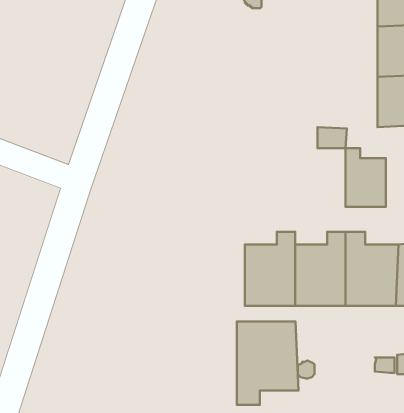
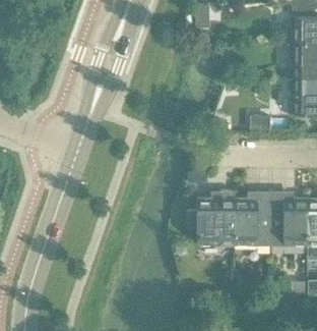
building: [345,148,386,207] -> none
building: [237,321,299,405] -> none

